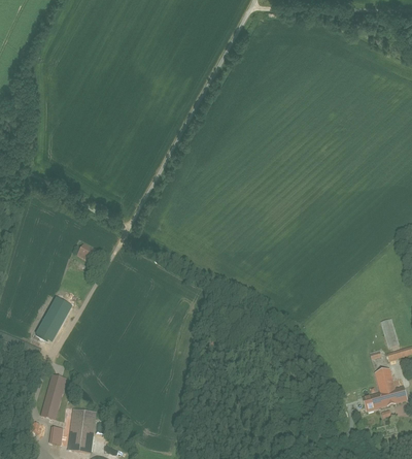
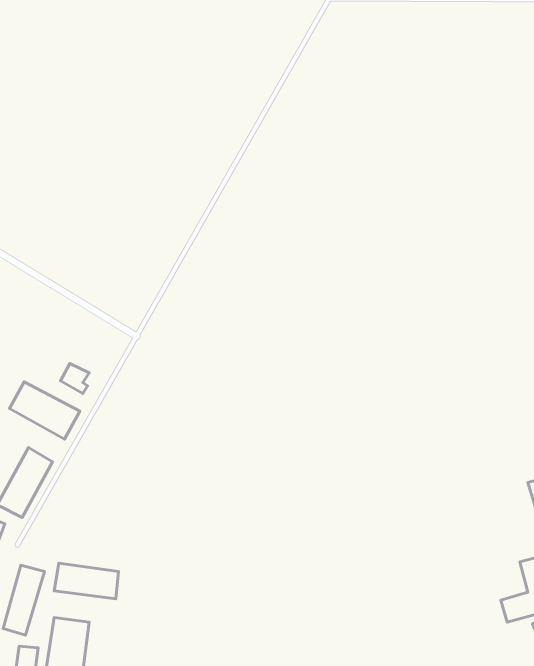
building: none -> [10,382,80,439]
building: none -> [54,563,119,599]

